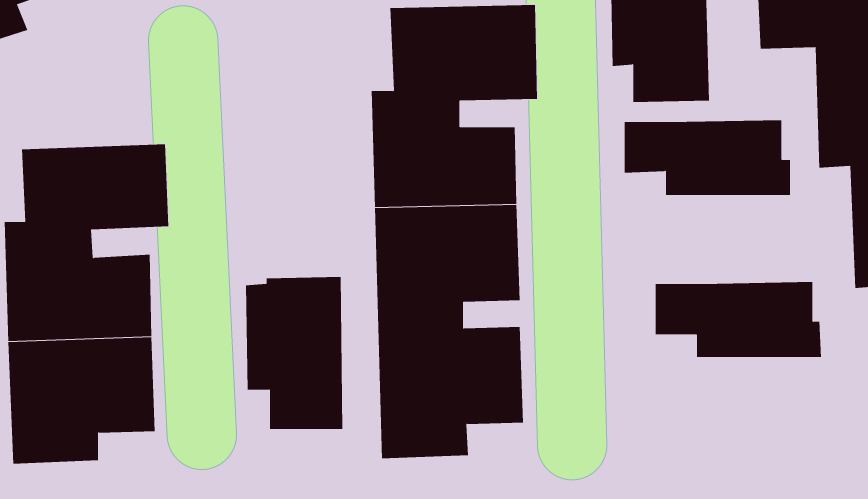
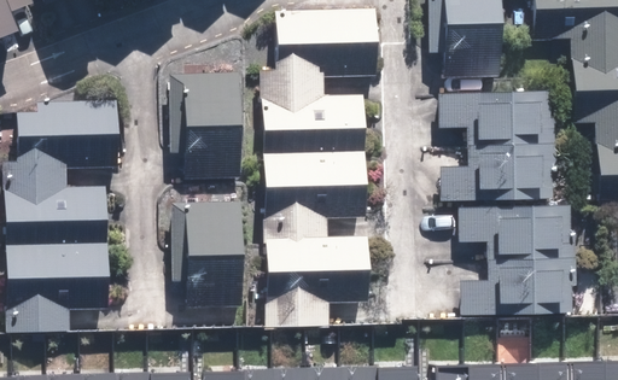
building: none -> [171,70,241,175]
building: none -> [442,141,556,197]
building: none -> [462,255,578,310]

